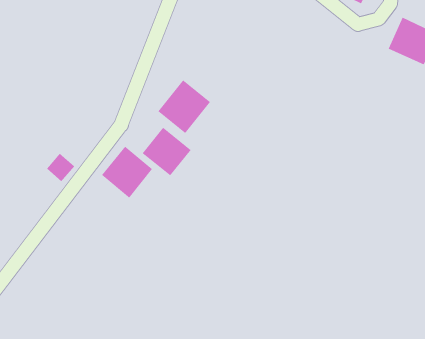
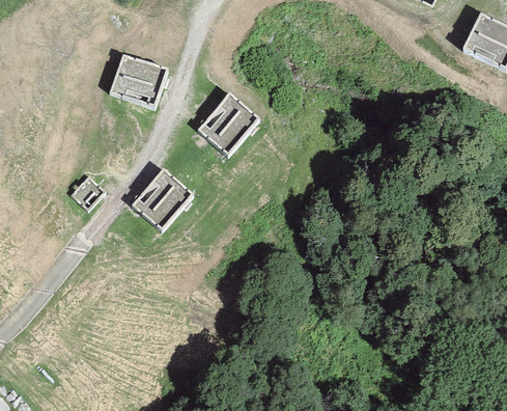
building: none -> [108,52,164,105]
building: [142,127,191,176] -> none

